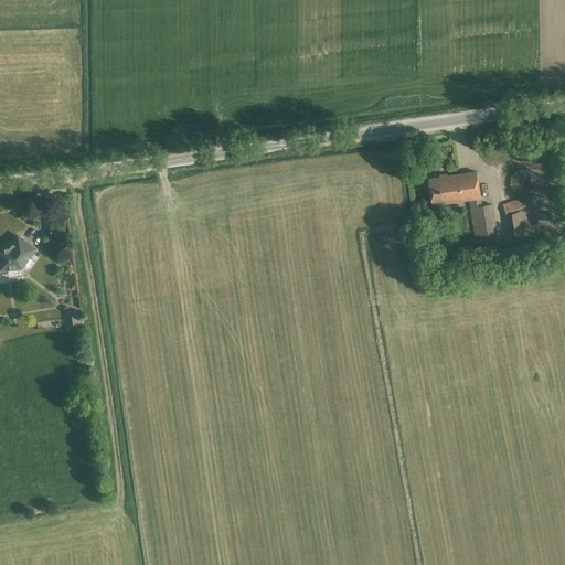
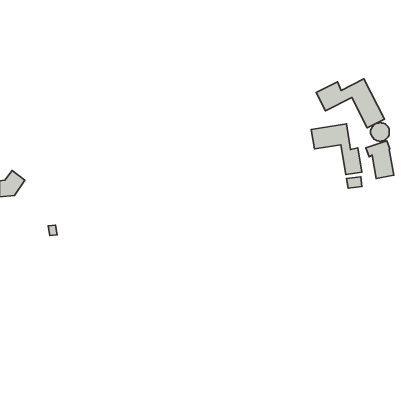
building: none -> [316,79,384,128]

